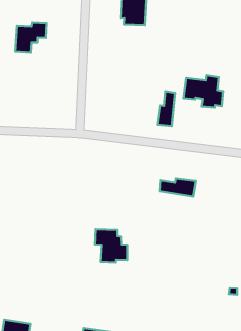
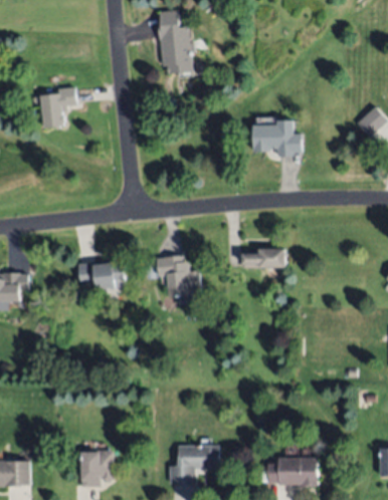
building: [158,92,175,126] -> none
building: none -> [77,262,127,290]
building: [95,229,127,262] -> [157,255,201,296]

